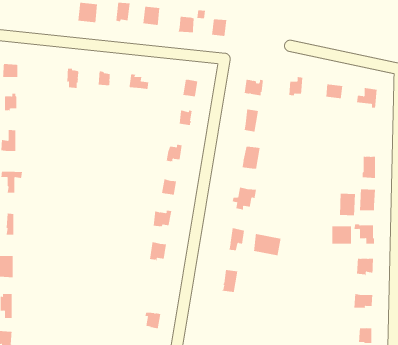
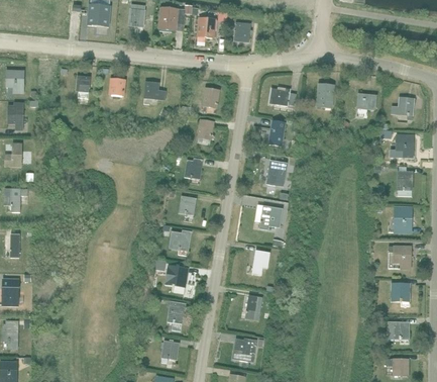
building: none -> [396,134,413,157]
building: [339,193,355,216] -> none
building: [332,225,352,244] -> none
building: [253,233,281,256] -> none
building: none -> [168,301,185,332]
building: none -> [233,338,256,361]

